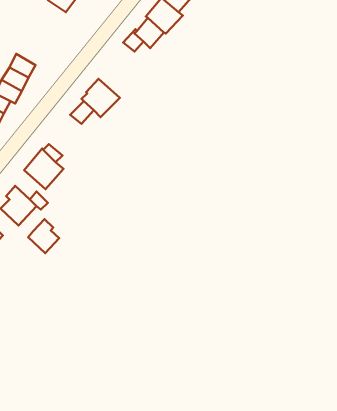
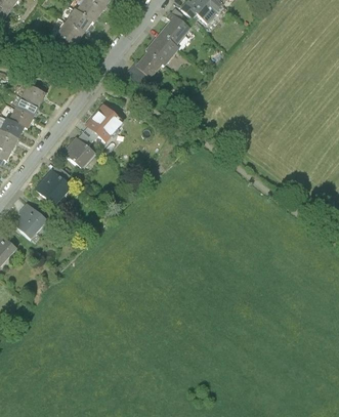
building: none -> [62,137,94,168]
building: [28,219,59,253] -> none

